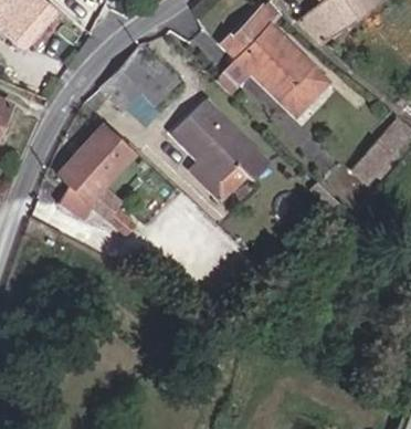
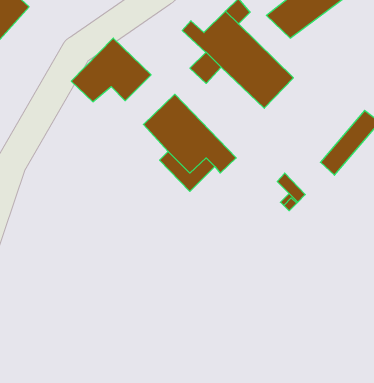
building: [57,126,135,234] -> none

